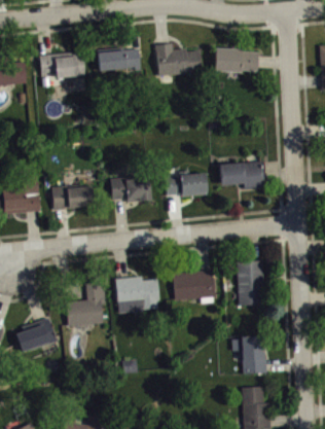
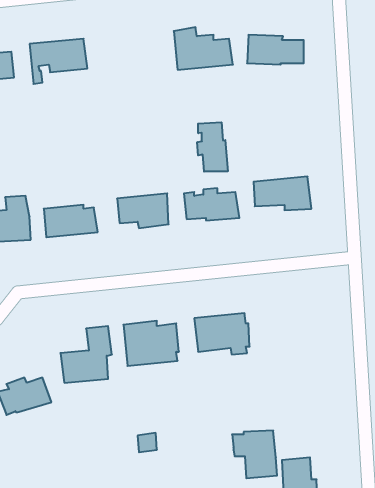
building: [97,47,141,71] -> none
building: none -> [197,122,228,172]
building: [236,261,266,306] -> none
building: [231,336,267,374] -> [232,431,277,478]

